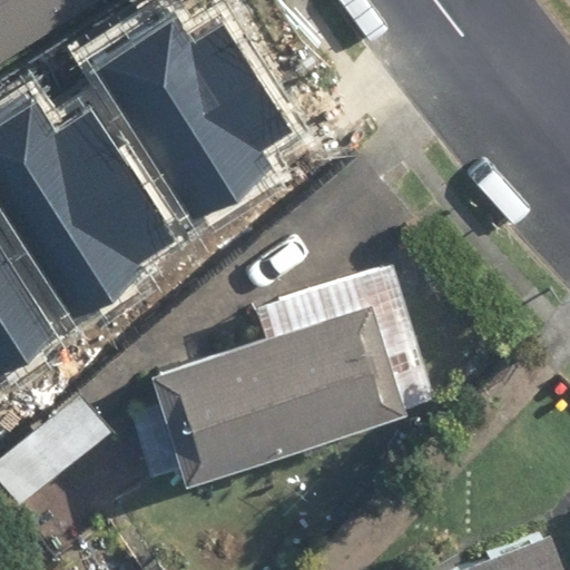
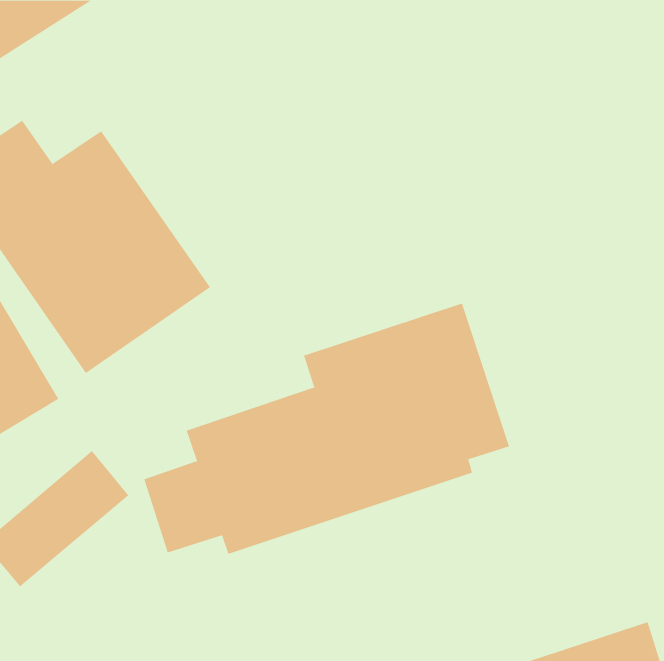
building: [79,27,281,238] -> none

